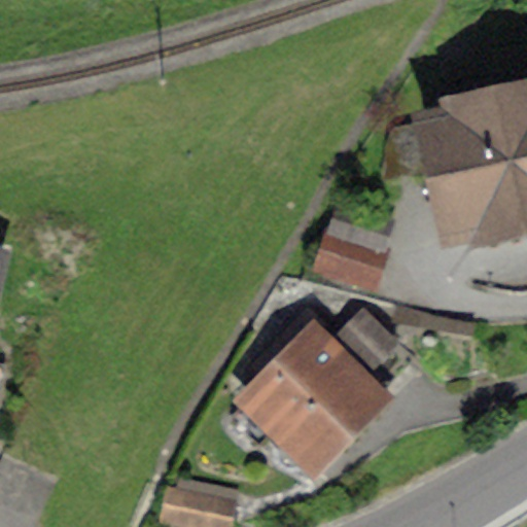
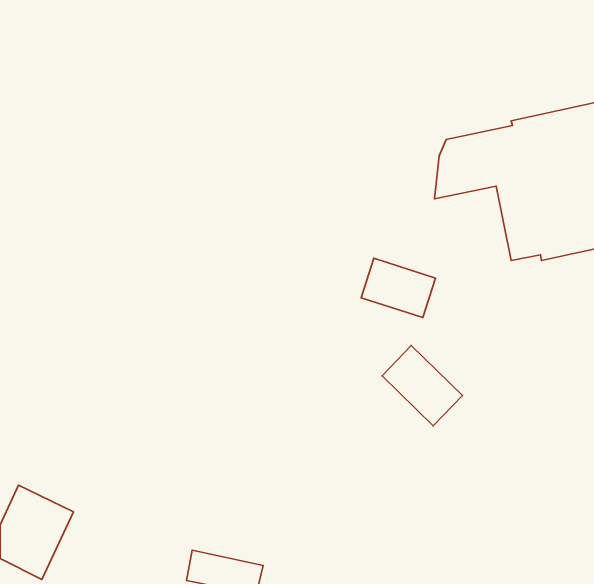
building: [236,316,377,466] -> none

